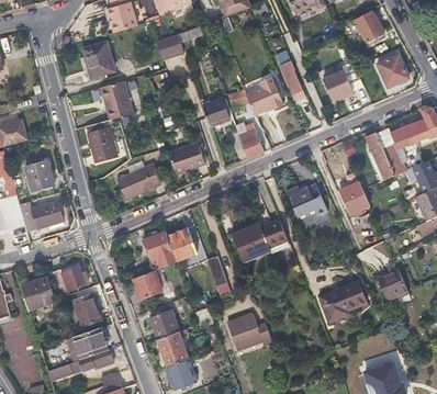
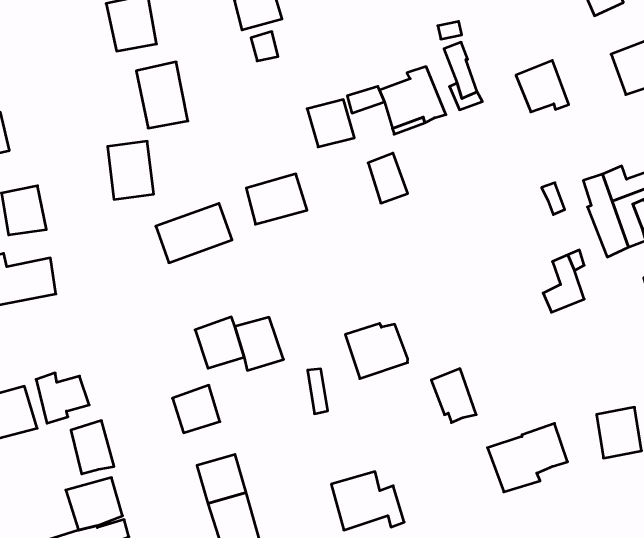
building: [285,184,325,214] -> none
building: [260,221,288,252] -> [431,369,476,423]

